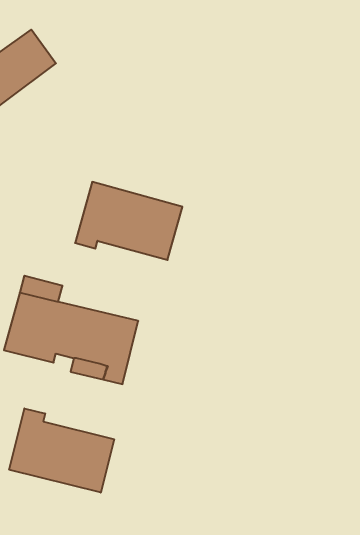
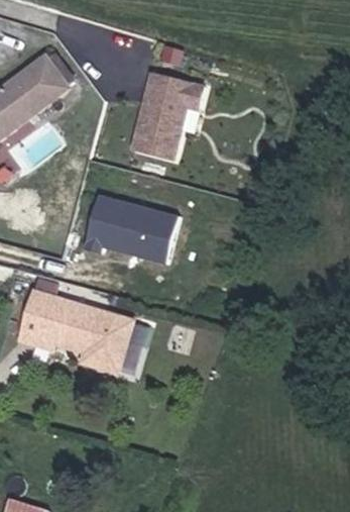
building: none -> [130,76,199,159]
building: [9,408,114,493] -> none

